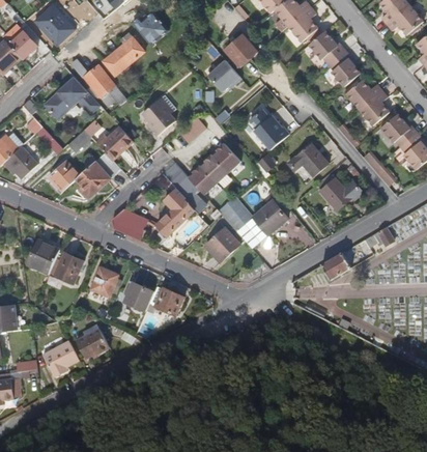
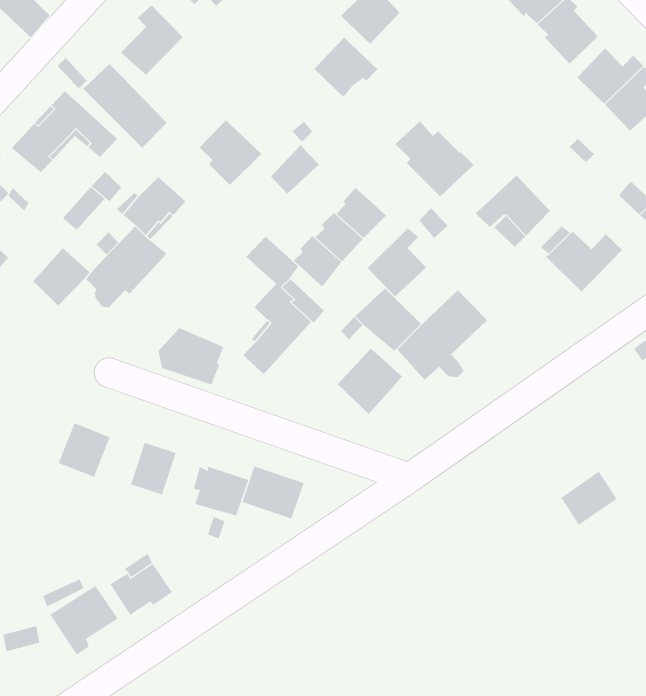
building: none -> [367,227,427,297]
building: [29,241,59,274] -> none
building: [320,252,350,280] -> [561,471,617,526]

